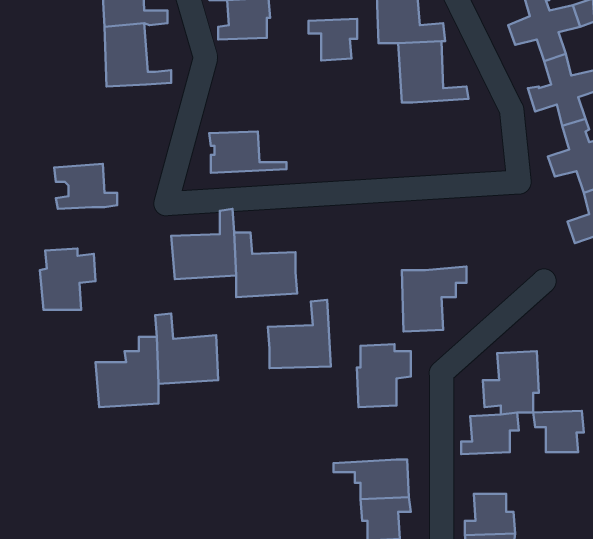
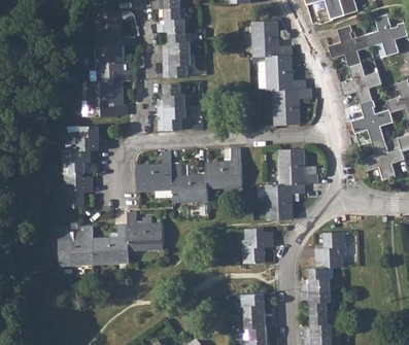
building: [308,19,357,60] -> [163,54,191,77]
building: none -> [82,80,127,117]
building: none -> [158,83,185,108]
building: none -> [274,89,312,127]
building: none -> [63,150,91,175]
building: none -> [279,150,318,186]
building: [268,300,331,368] -> [206,148,242,187]
building: none -> [57,227,95,266]
building: [533,411,584,452] -> [302,290,331,314]

